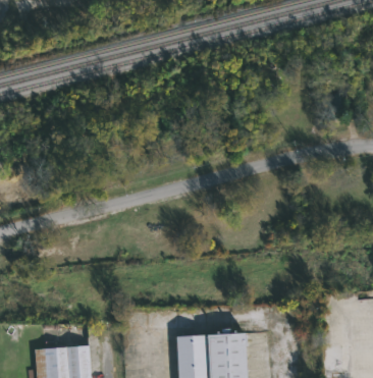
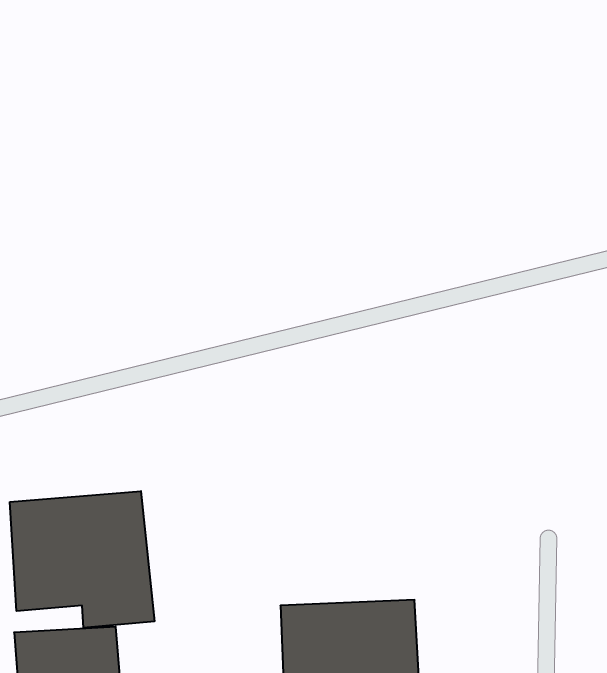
building: none -> [10,491,154,628]

